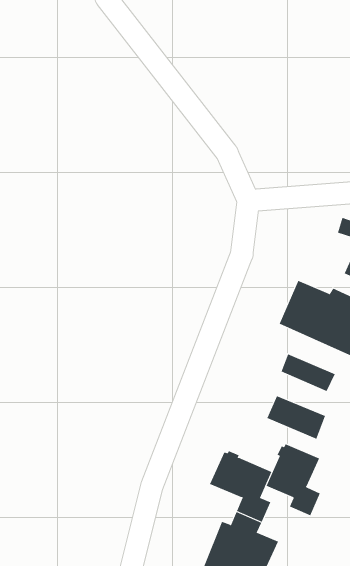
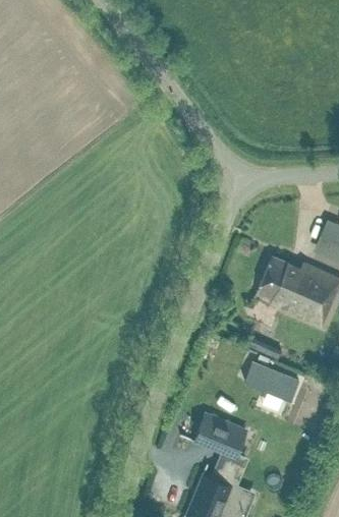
building: [281,354,336,392] -> none
building: [266,444,321,516] -> none

